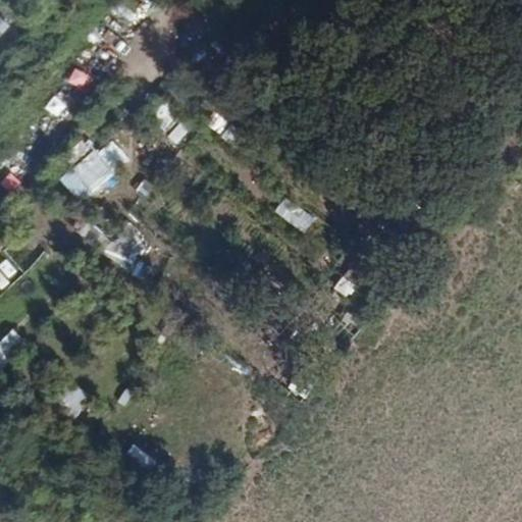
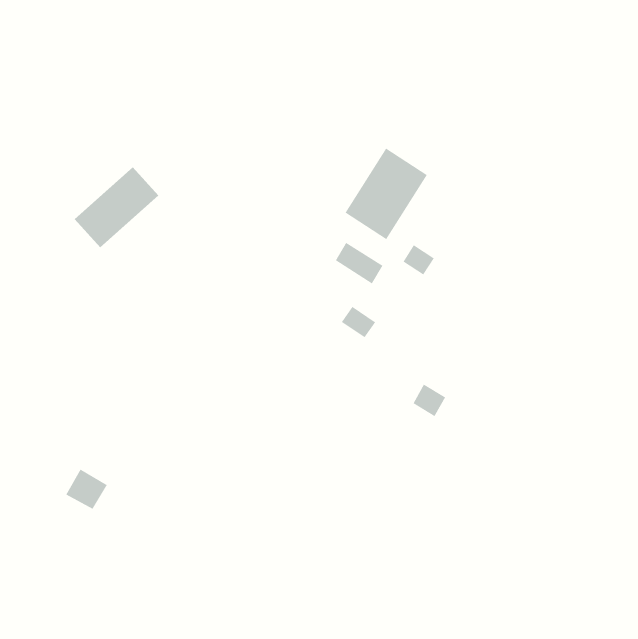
building: none -> [344,148,428,240]

